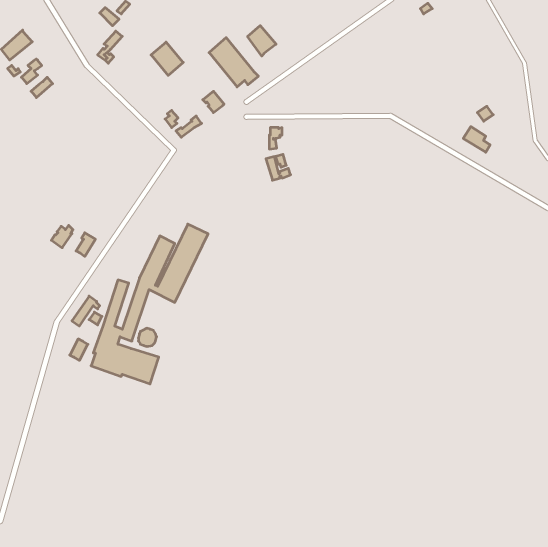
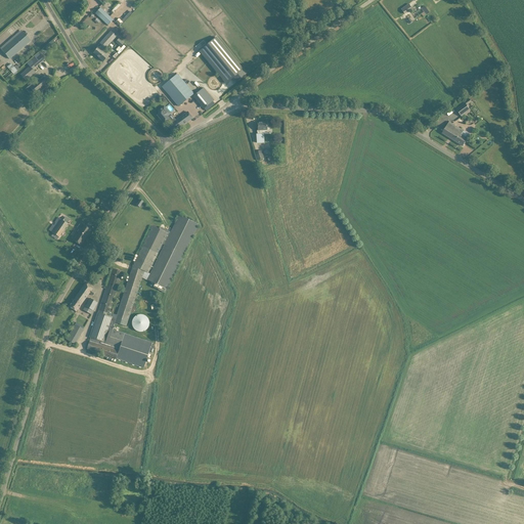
building: [248,26,276,56] -> none
building: [151,42,183,75] -> [163,74,193,105]

